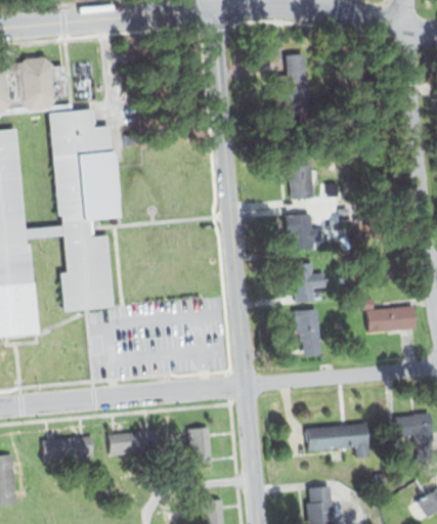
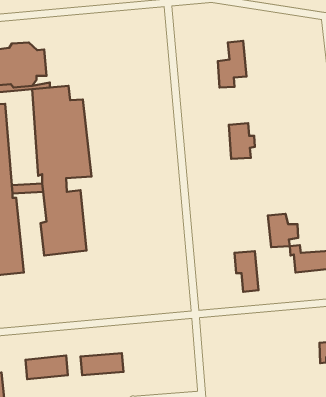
building: [283,214,314,251] -> none
building: [290,263,326,303] -> [268,214,298,247]
building: [306,423,369,457] -> none
building: [188,429,212,470] -> none

